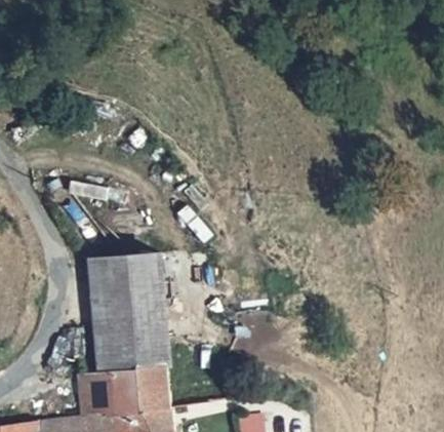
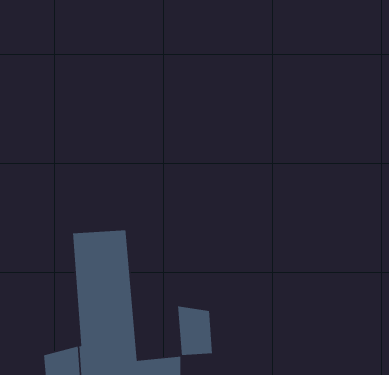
building: none -> [177,306,213,356]

